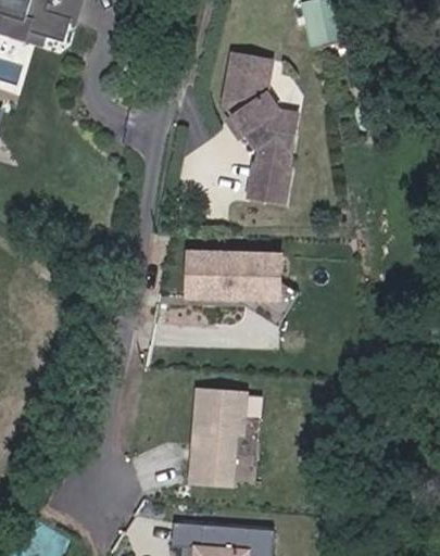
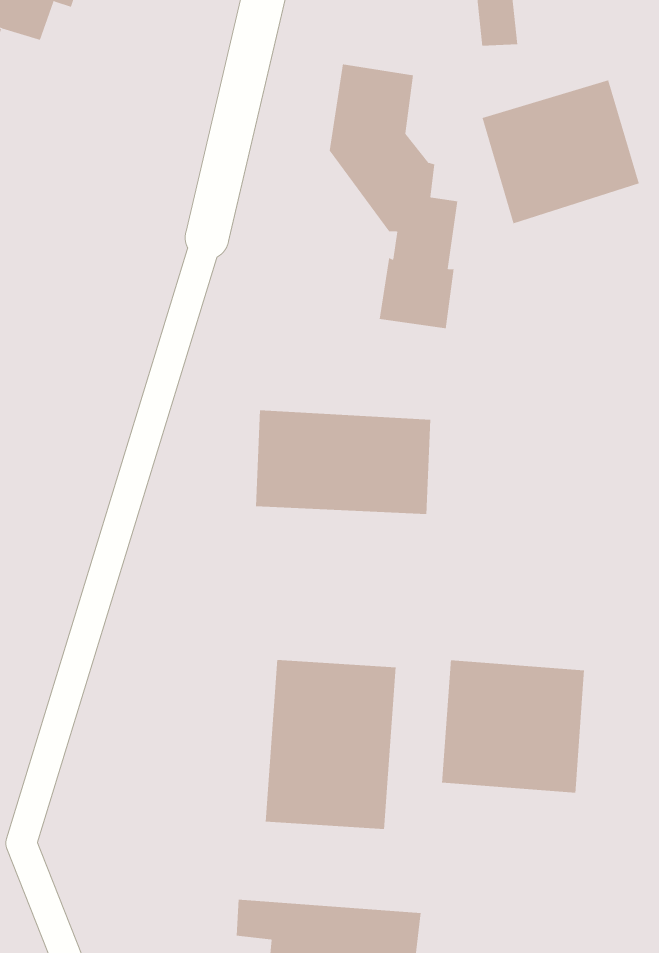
building: none -> [482,79,640,224]
building: none -> [442,660,585,793]

